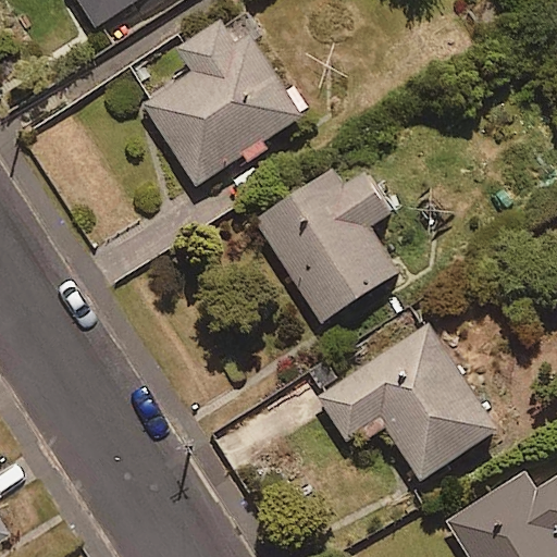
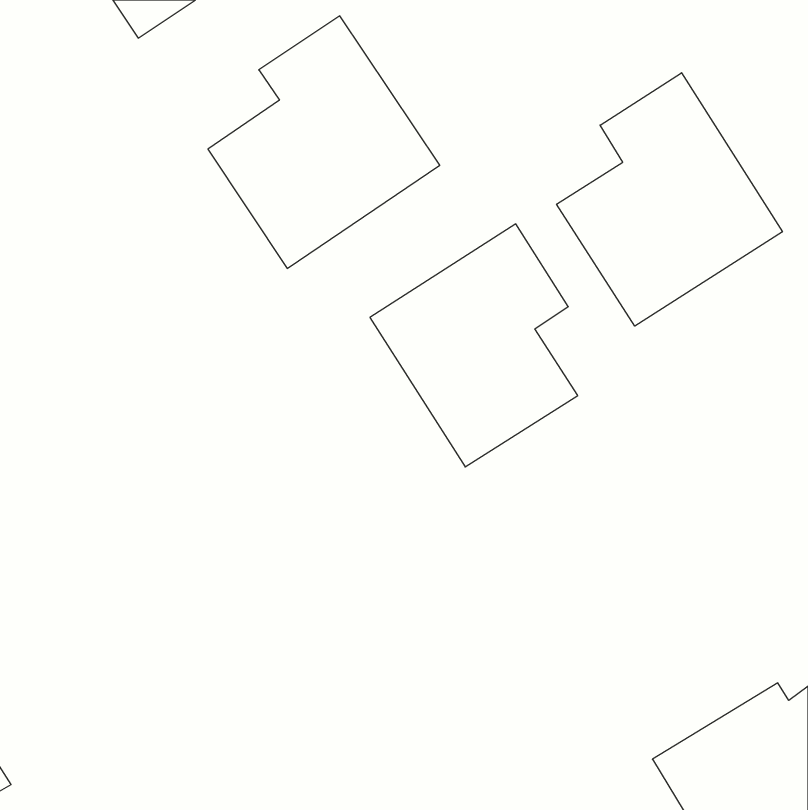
building: none -> [557,73,782,326]
building: [319,317,509,480] -> none

